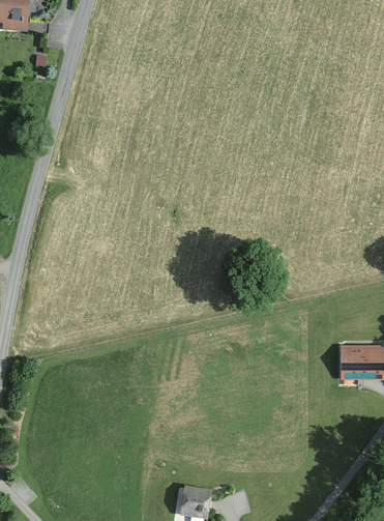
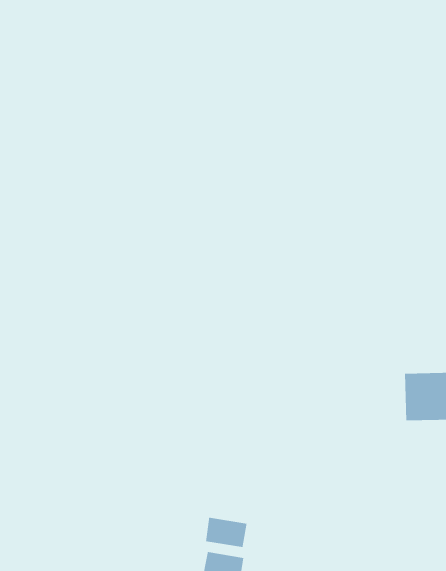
building: none -> [206,517,247,548]

